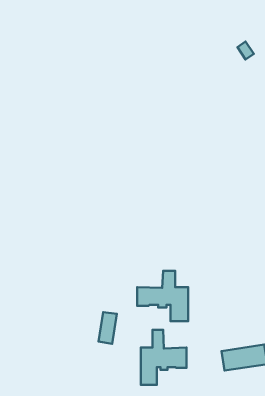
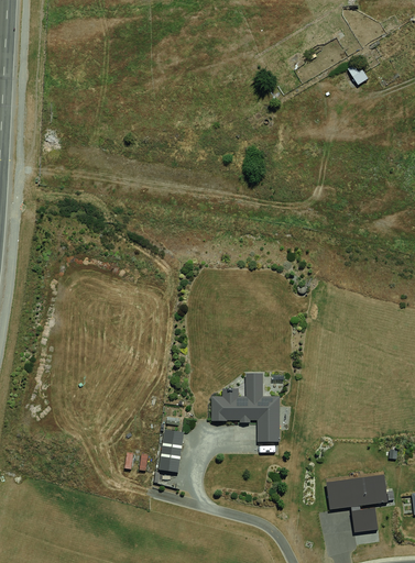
building: [141,330,186,385] -> none
building: none -> [350,508,376,532]

